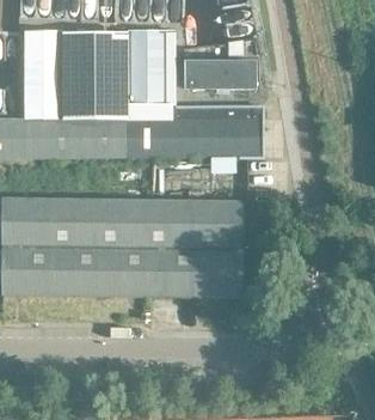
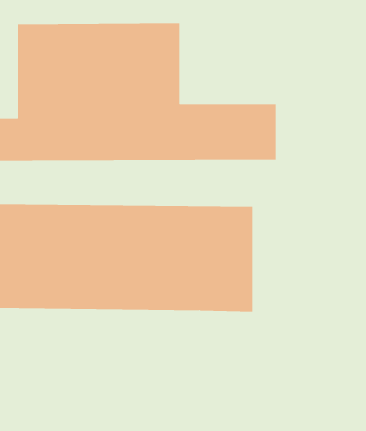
building: [185,60,260,89] -> none

